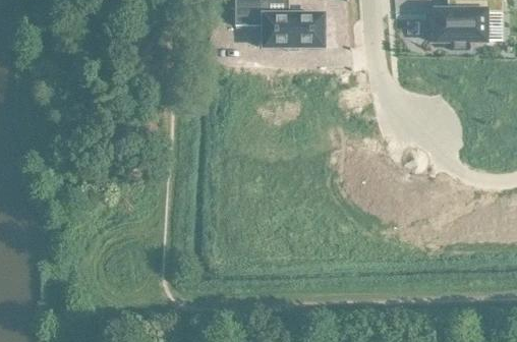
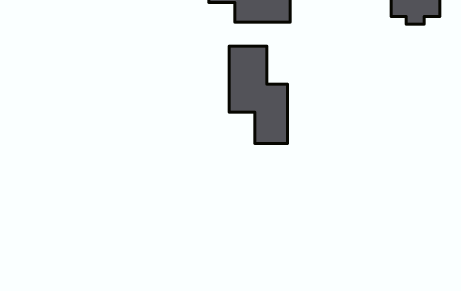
building: none -> [229,46,288,144]

